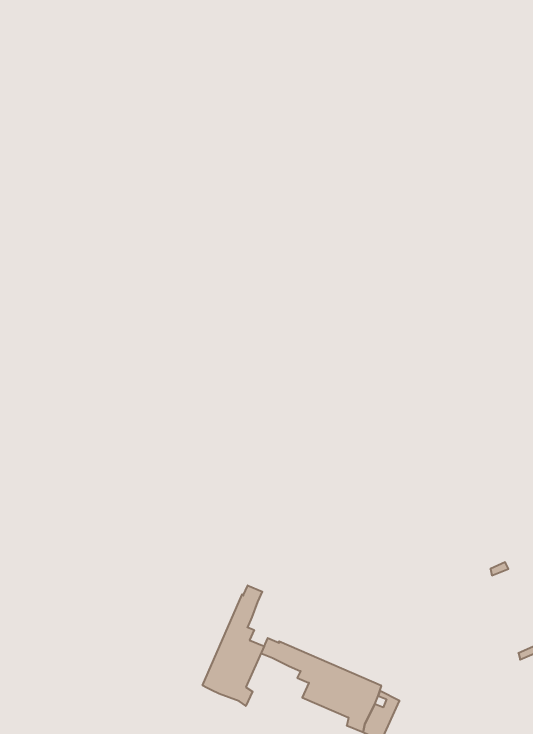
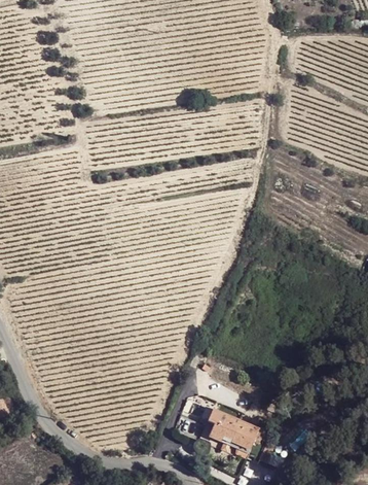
building: [203,585,264,706] -> none

